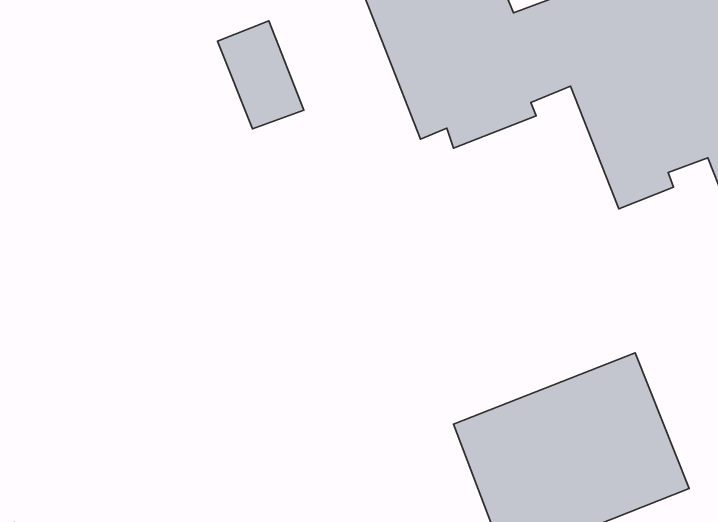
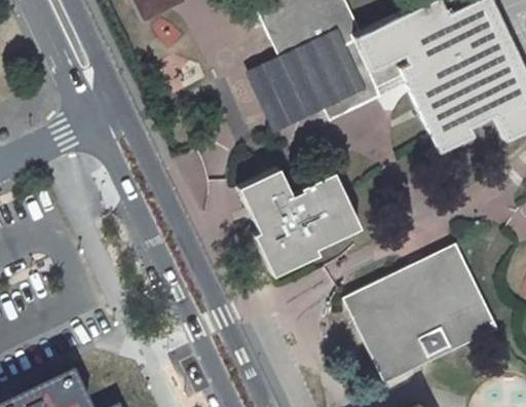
building: [218,21,304,129] -> [252,61,310,131]
building: none -> [238,166,361,274]

